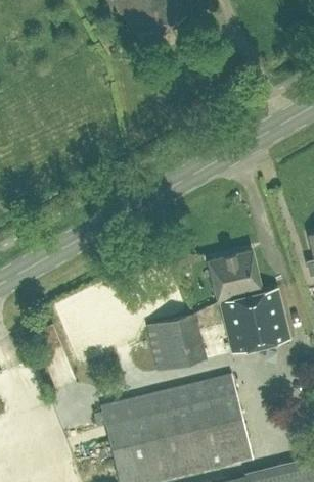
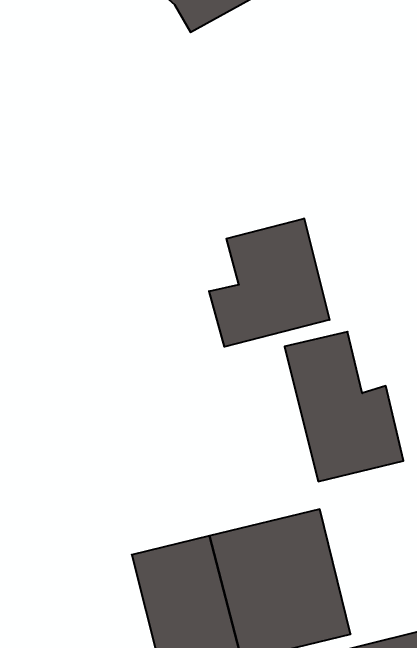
building: none -> [209,218,330,347]
building: [146,314,225,372] -> none

